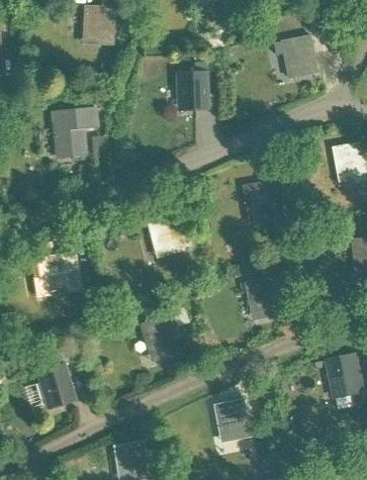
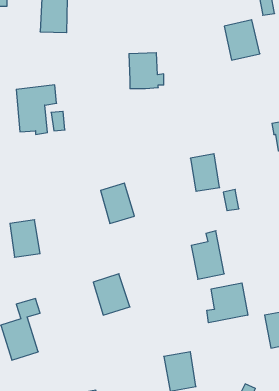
building: none -> [207,283,248,323]

